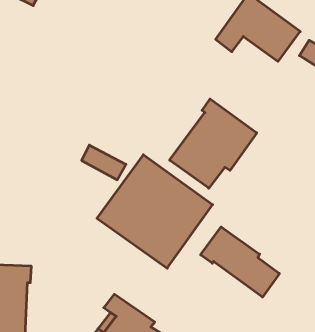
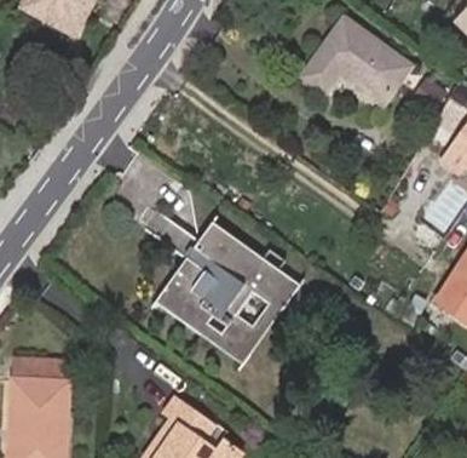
building: [170,99,257,188] -> none
building: [201,227,279,297] -> none

